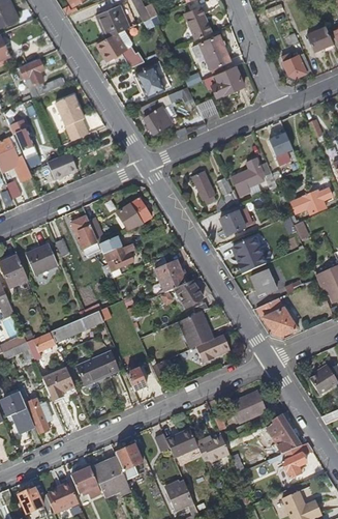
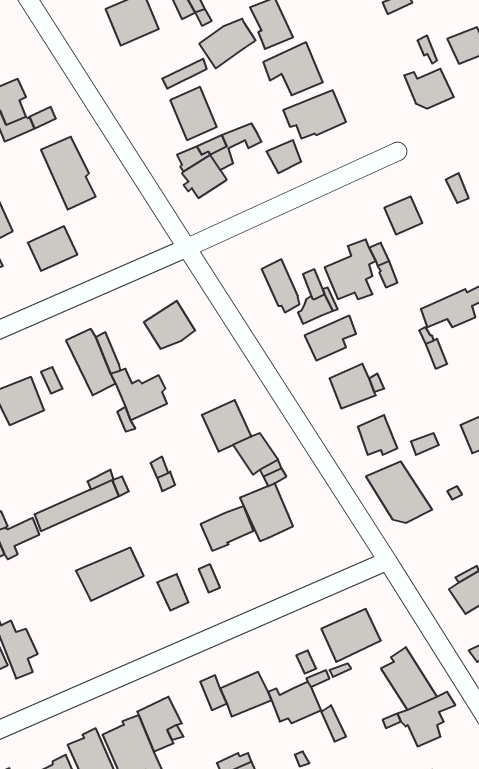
building: [97,29,132,60] -> [199,19,256,68]
building: [196,334,229,362] -> [201,506,254,551]
building: [42,367,74,399] -> none

